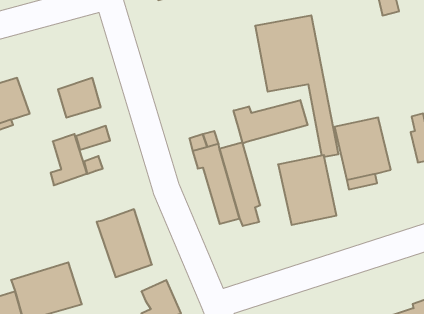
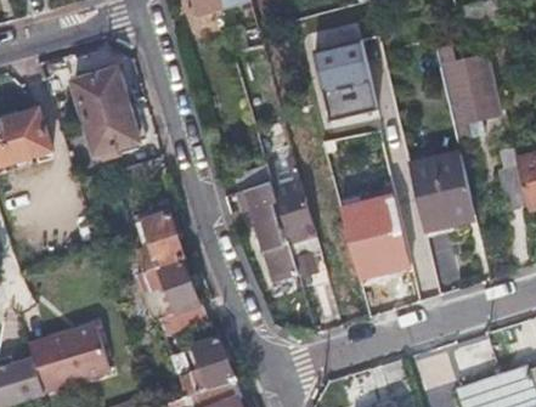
building: none -> [435,49,496,140]
building: none -> [74,68,126,120]
building: [234,100,308,143] -> none
building: [51,134,87,185] -> [134,214,176,273]

